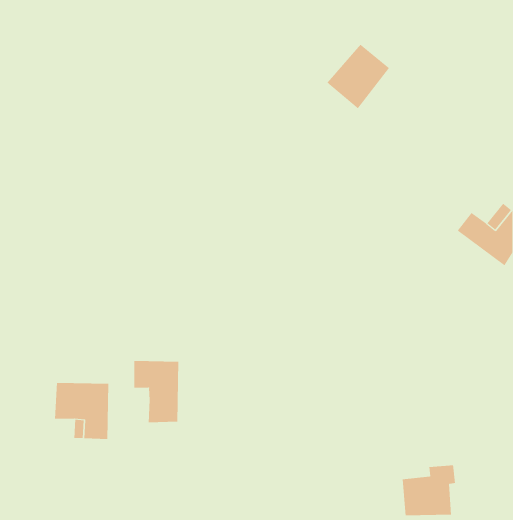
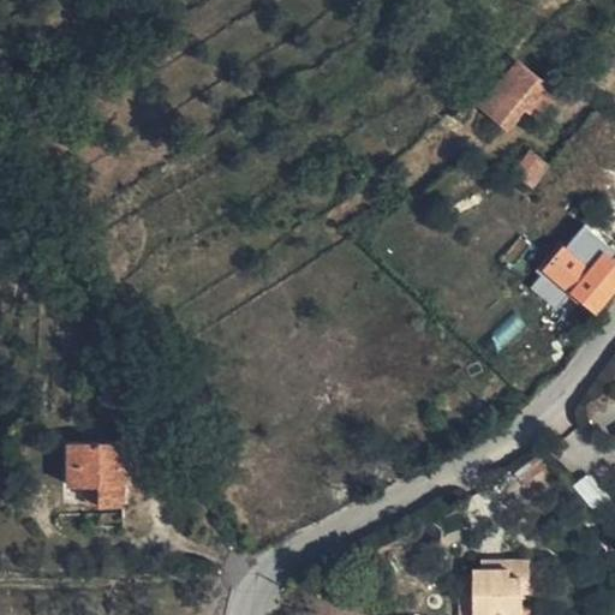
building: [327,44,390,109] -> [472,55,547,132]
building: [134,360,179,423] -> none

